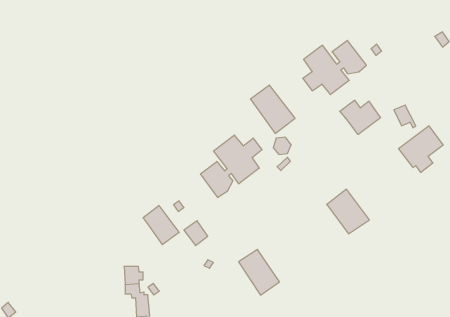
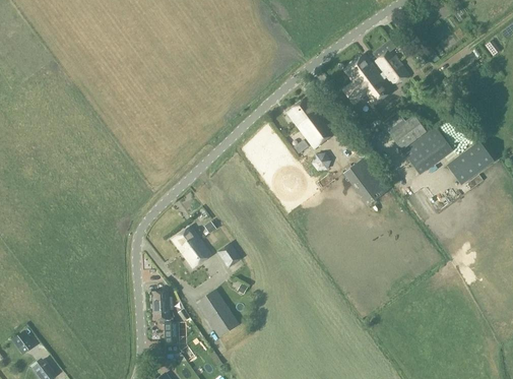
building: none -> [402,126,453,175]
building: [200,135,262,198] -> none
building: [327,189,369,234] -> [343,157,389,205]
building: [239,249,279,295] -> [196,289,240,337]

